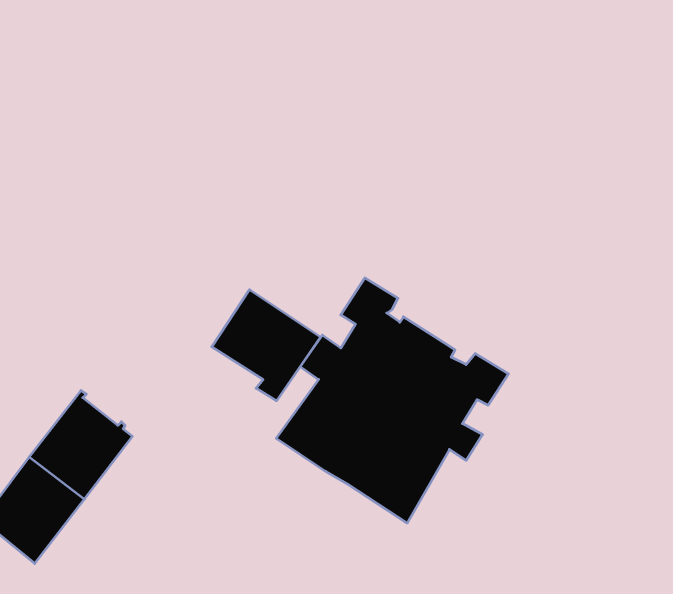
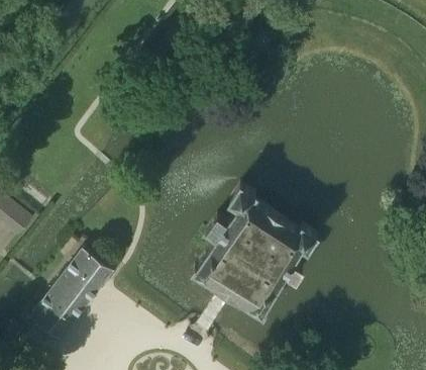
building: [212,290,321,401] -> none

